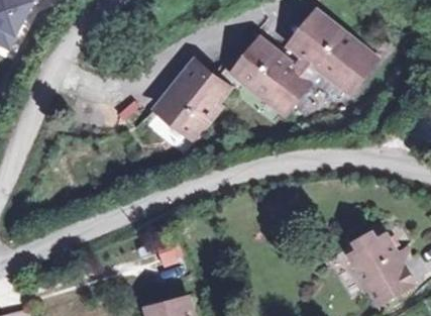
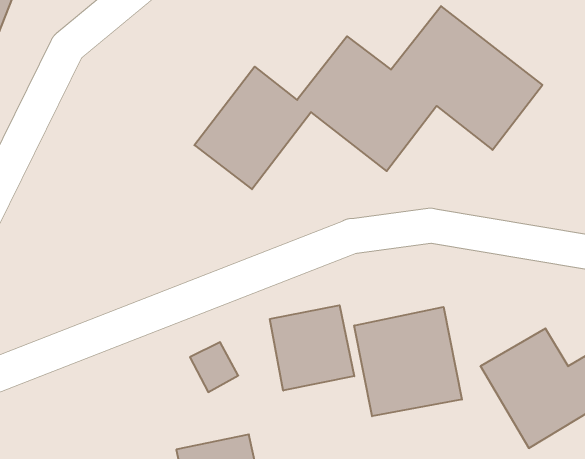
building: none -> [270,305,354,391]
building: none -> [354,307,462,416]

